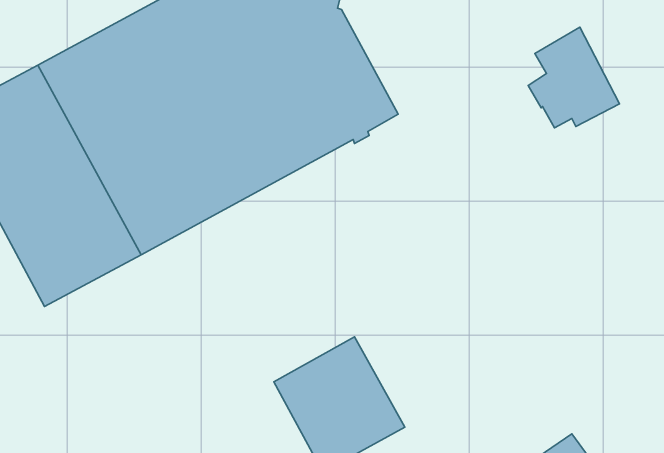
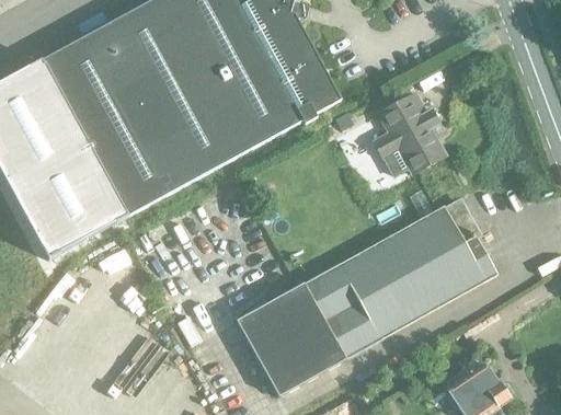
building: [528,27,620,128] -> [370,92,446,175]
building: none -> [304,199,495,358]

